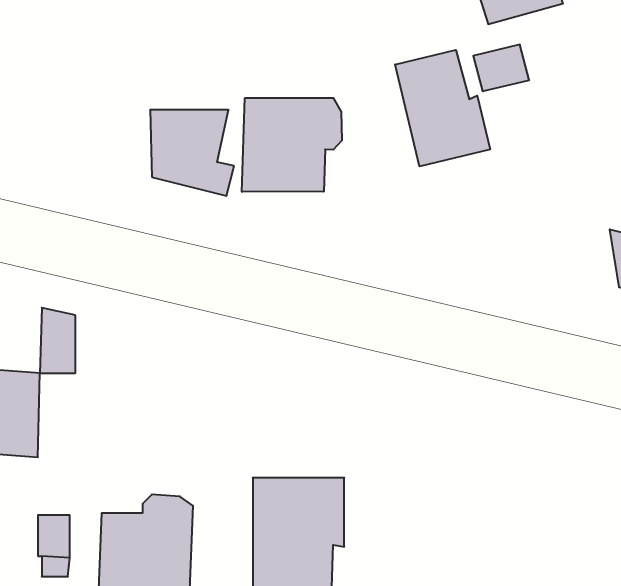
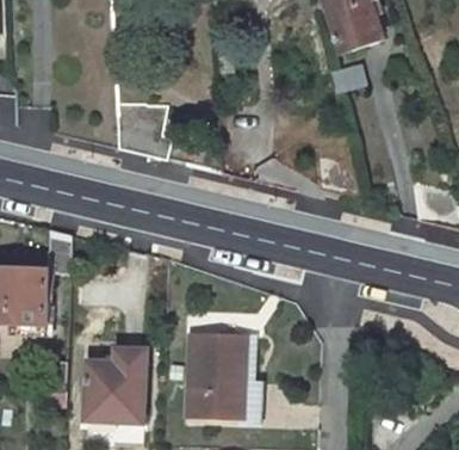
building: [395,50,490,166] -> none
building: [242,98,342,192] -> none

